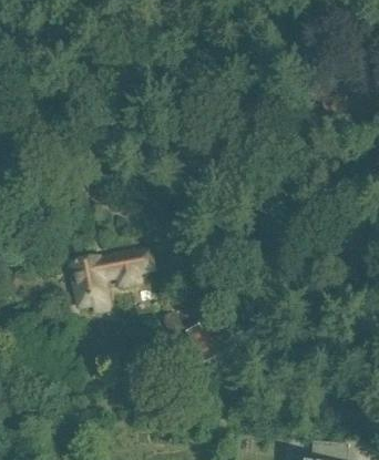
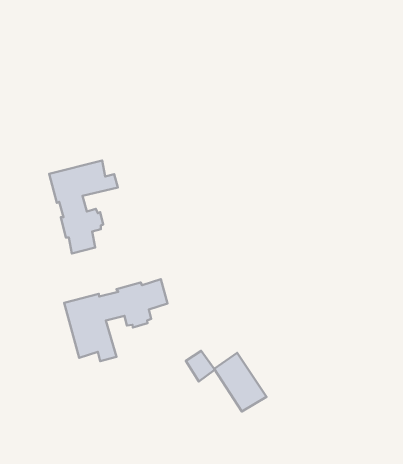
building: none -> [49,161,118,253]

